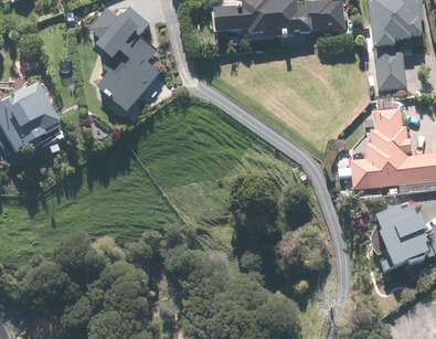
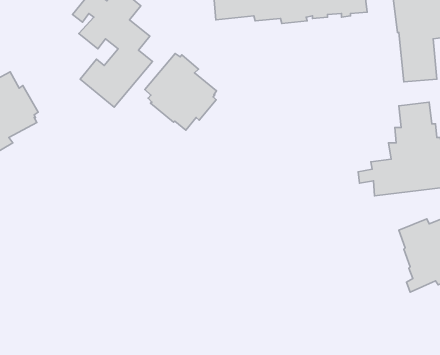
building: none -> [145,53,217,130]

